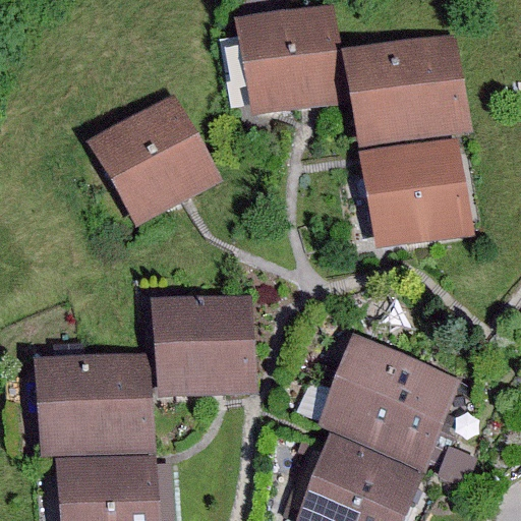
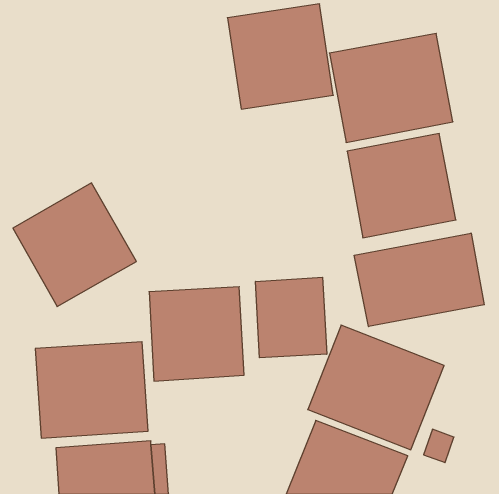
building: [91,96,219,224] -> [13,183,136,307]
building: none -> [354,233,484,327]
building: none -> [256,277,327,358]

